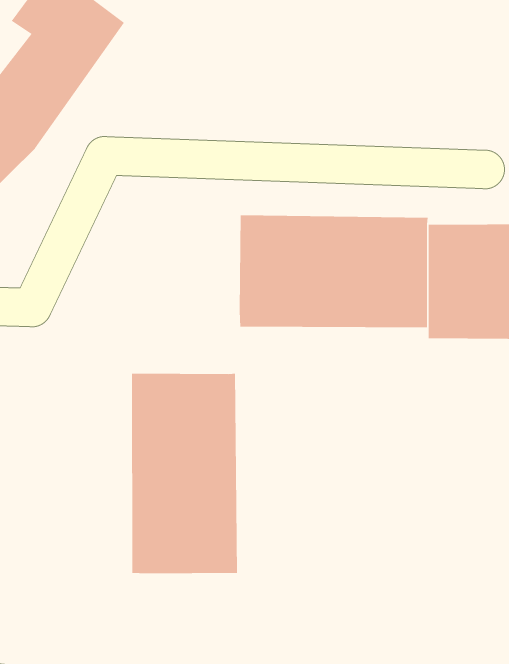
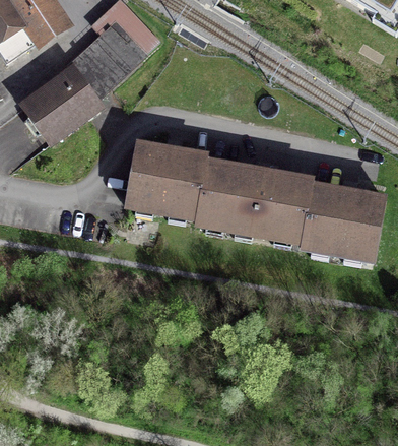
building: none -> [124,141,207,215]
building: [132,373,237,574] -> none

